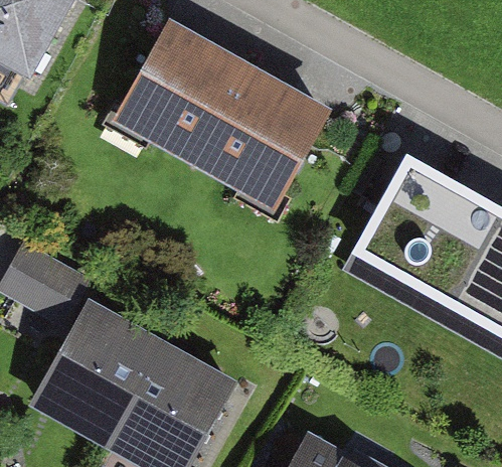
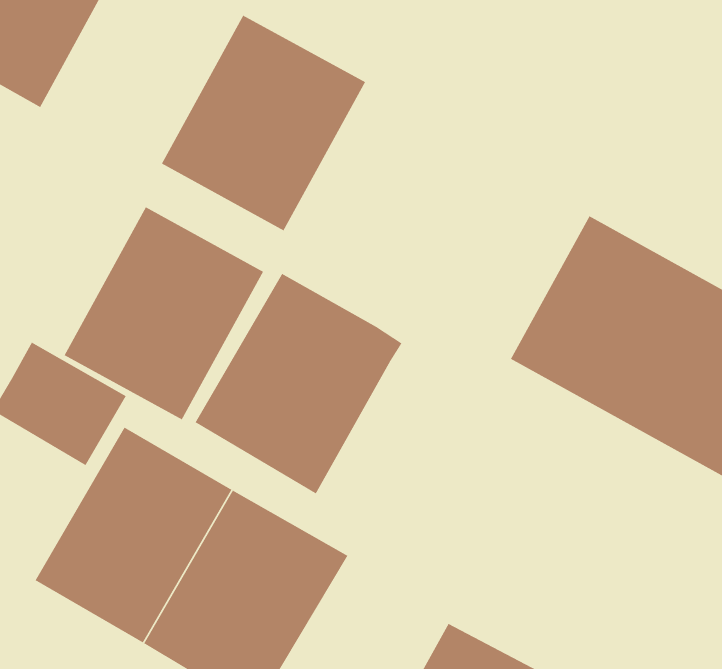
building: [196,62,334,209] -> none
building: none -> [64,206,264,421]
building: none -> [195,273,402,494]

